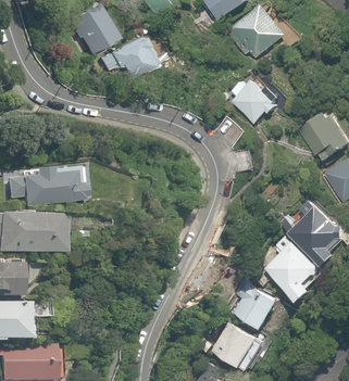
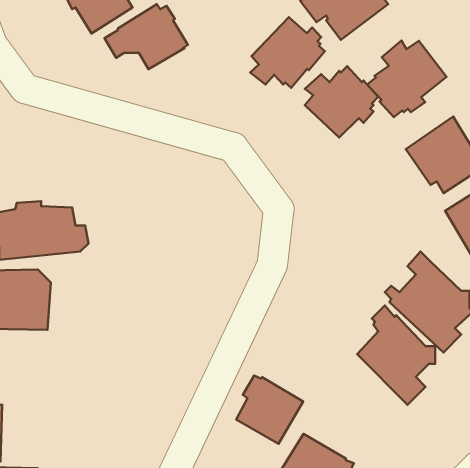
building: none -> [250,17,325,88]
building: none -> [367,40,447,117]
building: [236,282,281,328] -> [236,375,303,444]

